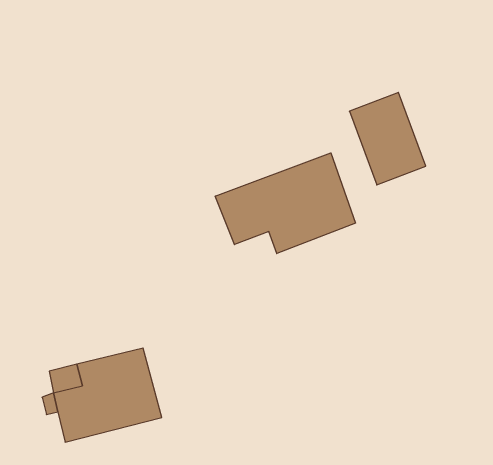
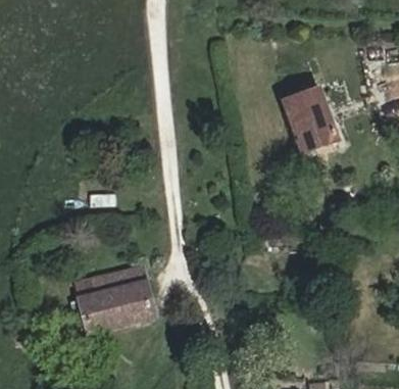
building: [215,153,355,254] -> none

